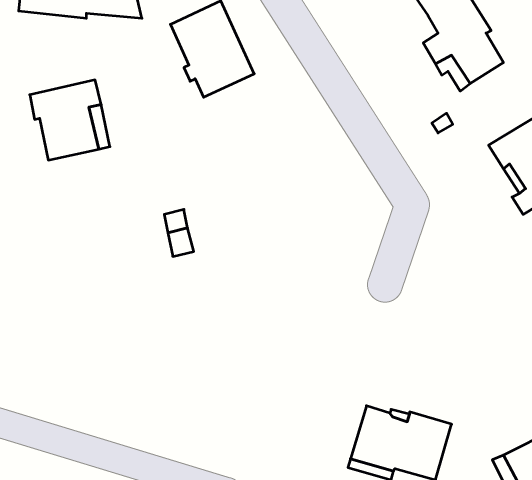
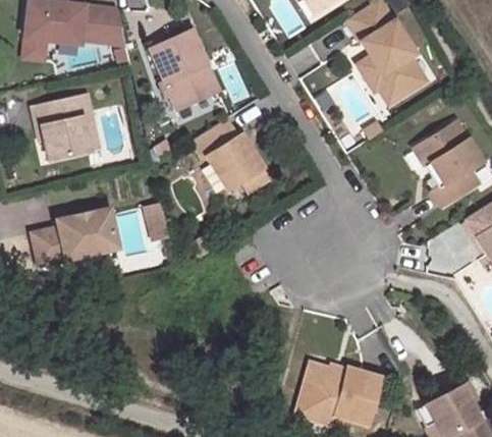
building: none -> [192,118,269,192]
building: none -> [33,208,119,265]

